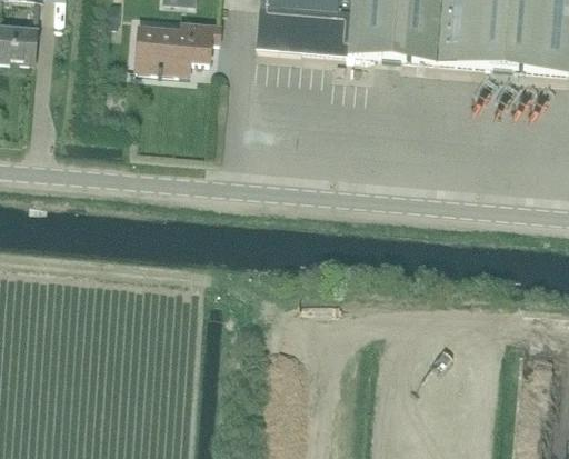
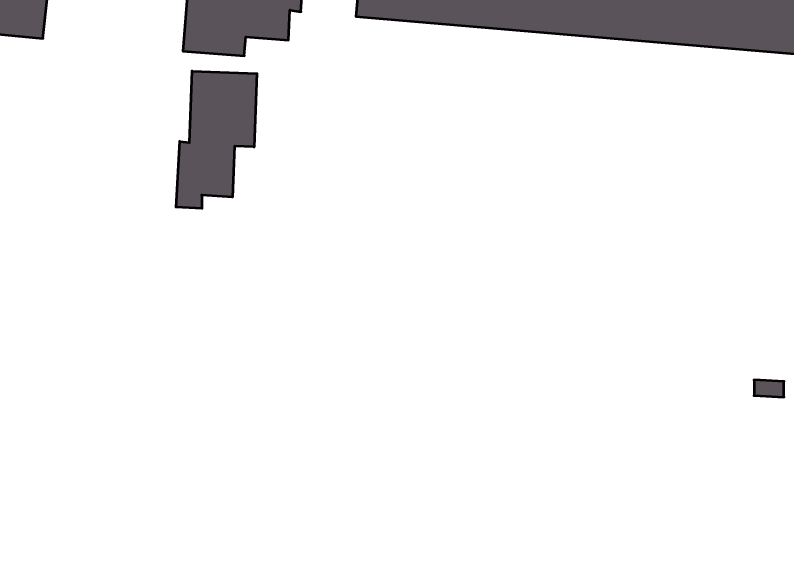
building: none -> [176,71,257,208]

